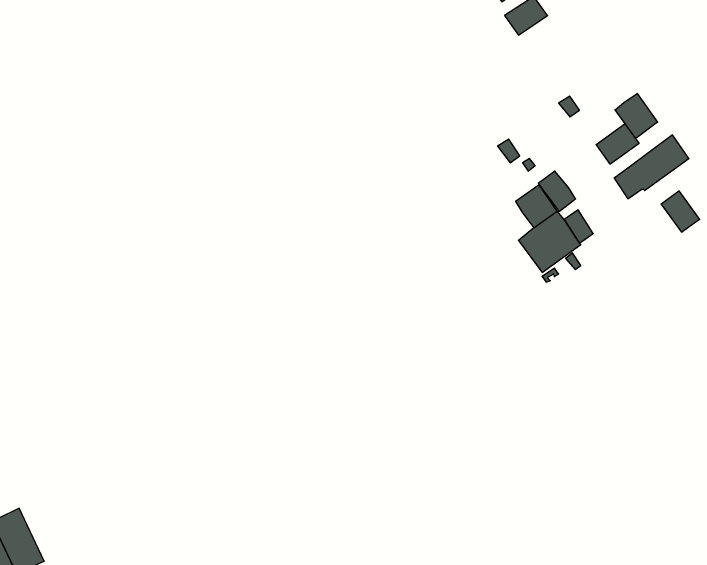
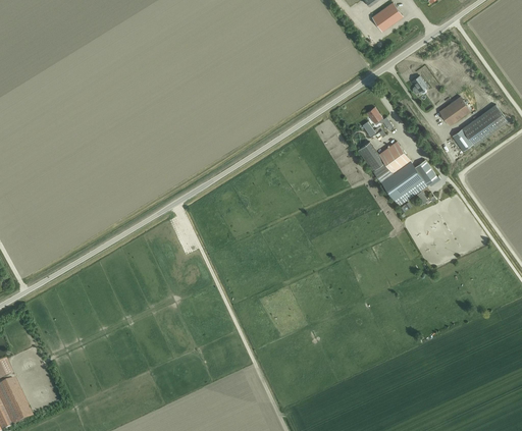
building: [615,93,658,139] -> none
building: [538,171,576,211] -> [357,141,384,170]
building: [661,191,700,232] -> none

